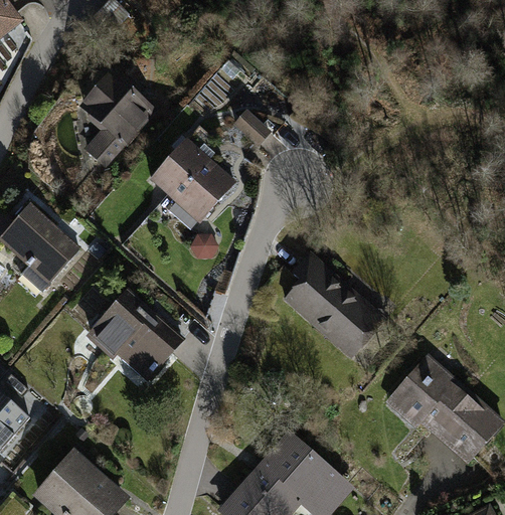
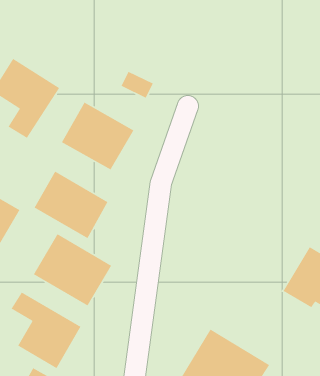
building: none -> [34,171,108,239]
building: [277,255,383,357] -> none
building: none -> [11,292,82,369]

